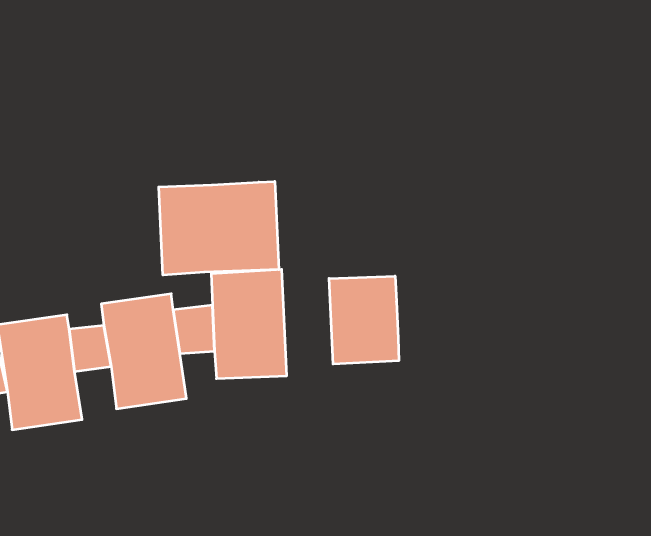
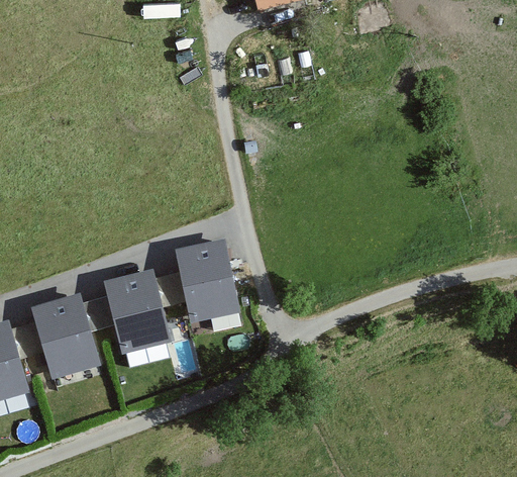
building: [159,181,279,275] -> none
building: [329,276,399,364] -> none

